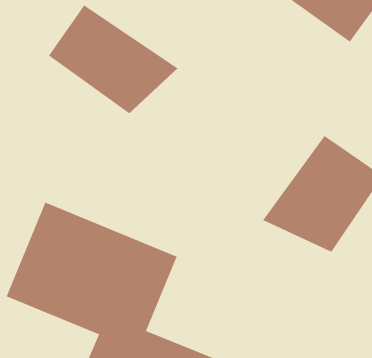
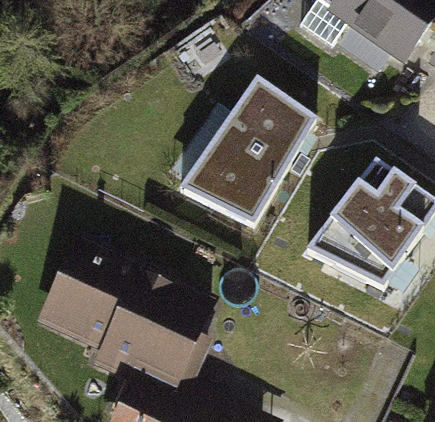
building: [48,4,179,114] -> none
building: none -> [184,80,311,221]

